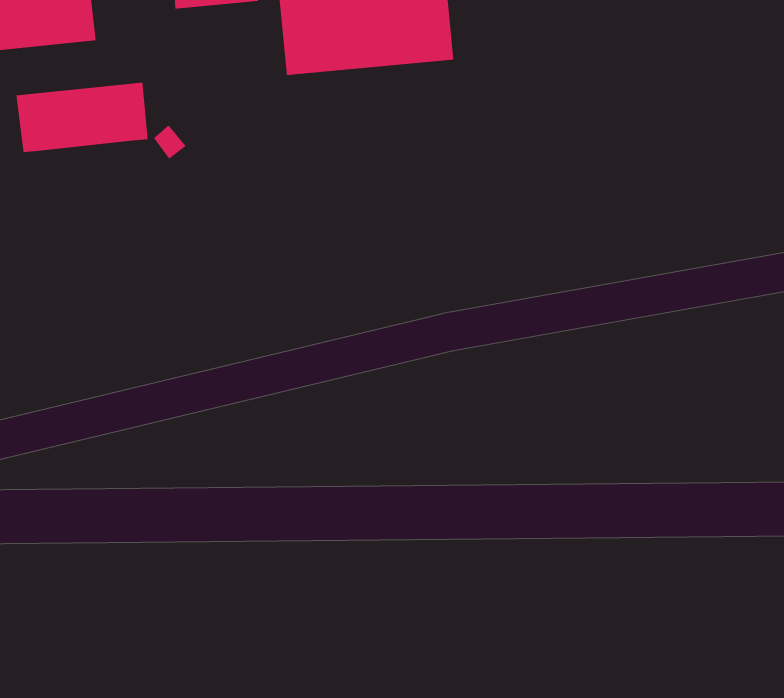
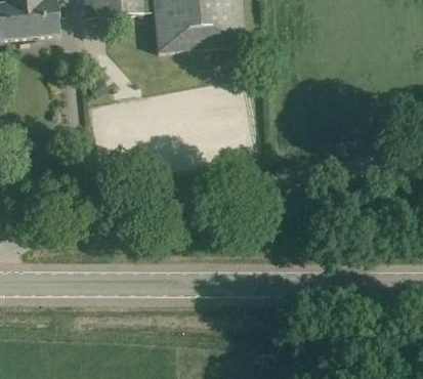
building: [16,82,148,153] -> none

